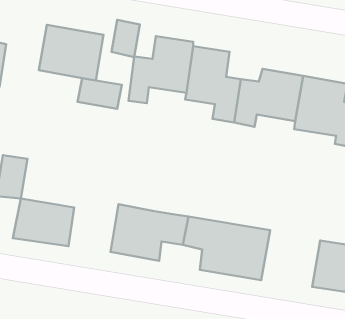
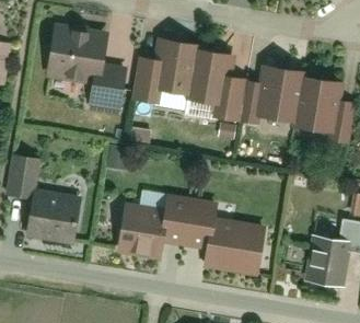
building: [111,20,140,57] -> none

